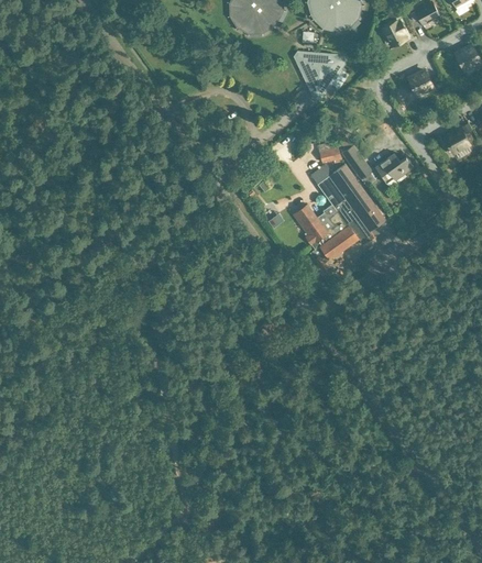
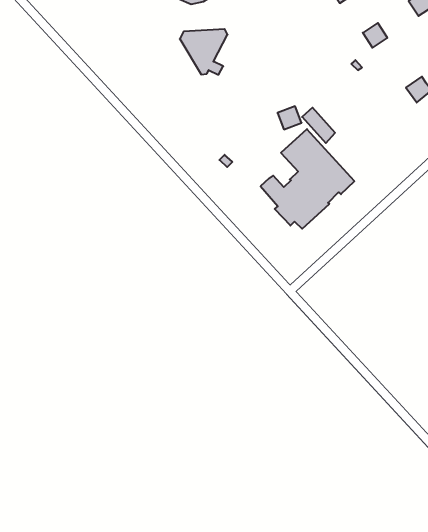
building: [298,53,344,98] -> [180,29,228,75]
building: [375,153,414,183] -> none

